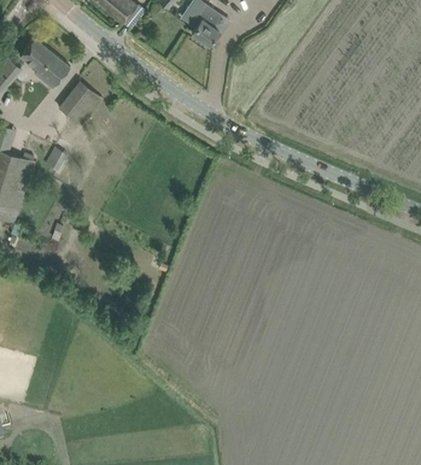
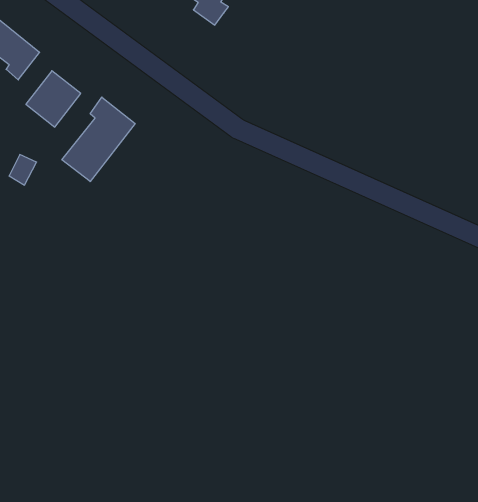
building: none -> [62,97,135,182]

